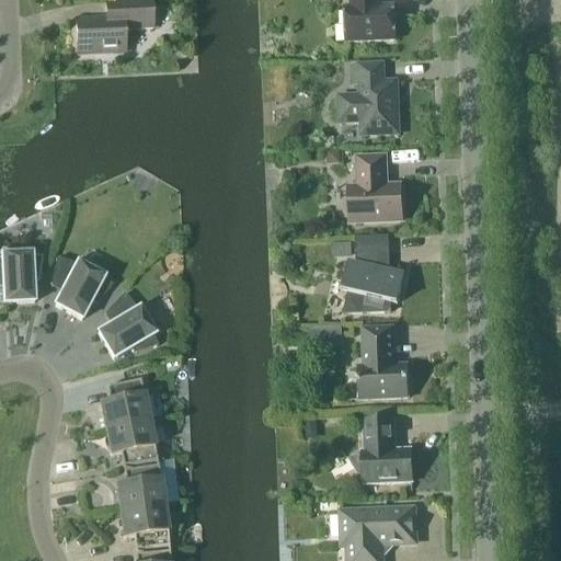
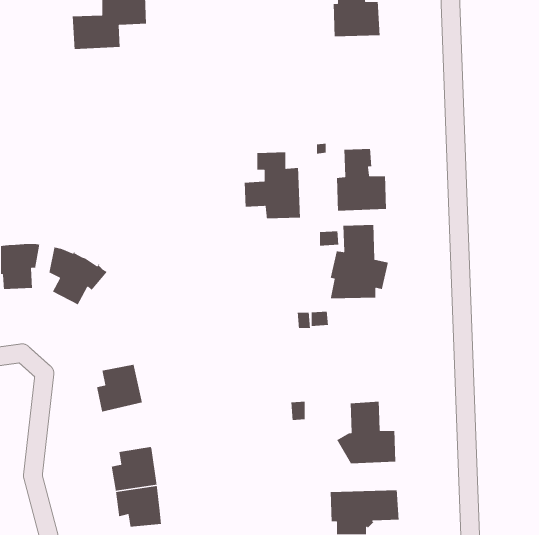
building: [340,61,399,131] -> [244,151,301,219]
building: [98,290,158,356] -> none
building: [358,324,409,397] -> none
building: [106,417,157,463] -> none

